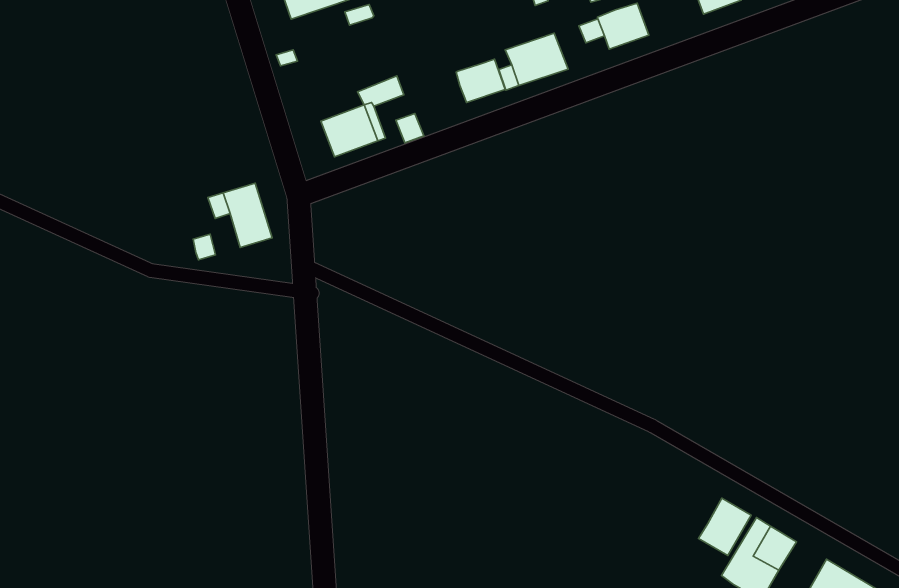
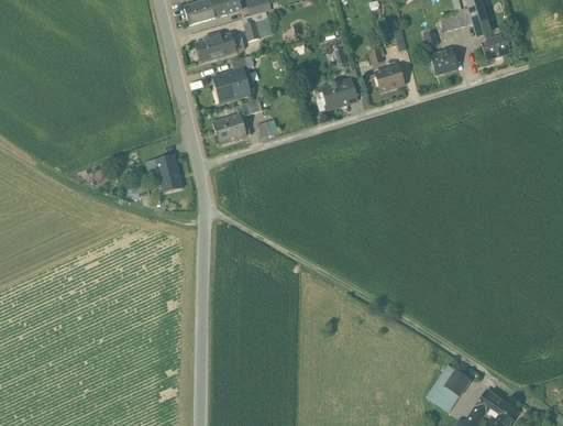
building: none -> [212,67,250,100]
building: [456,59,505,102] -> none
building: [698,498,751,555] -> none

